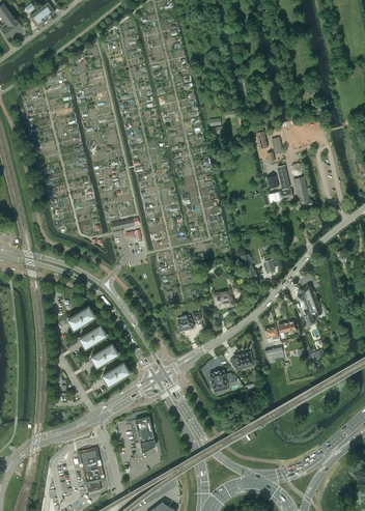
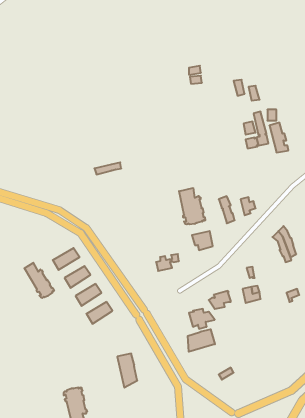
building: none -> [179,188,205,224]
building: none -> [24,263,54,298]
building: none -> [188,329,215,352]

